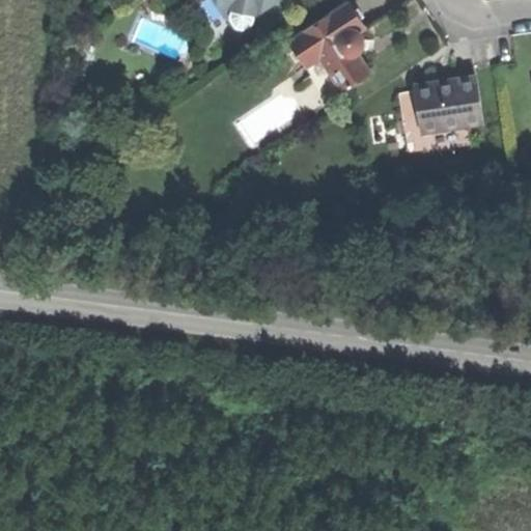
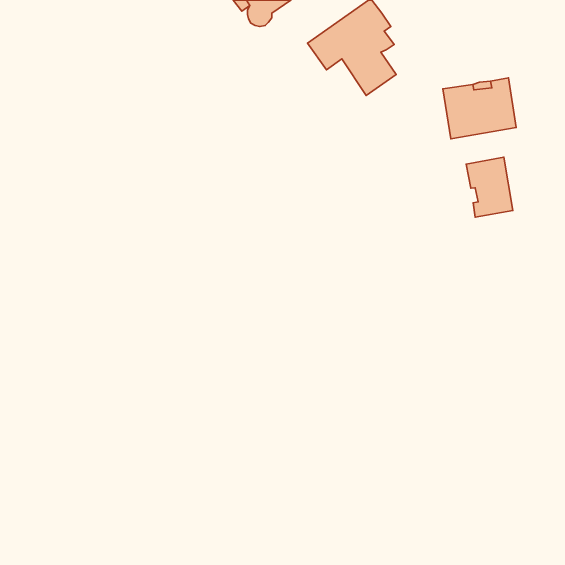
building: none -> [466,157,513,217]

